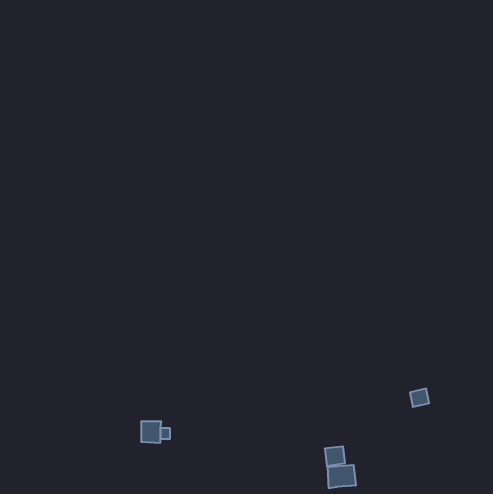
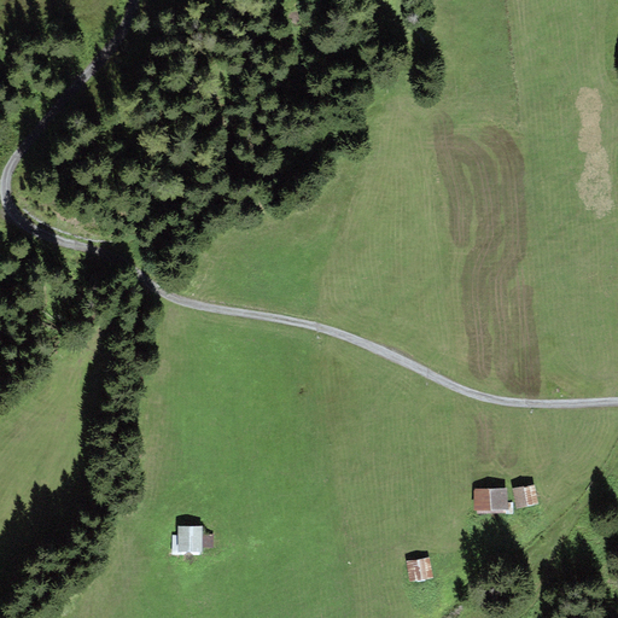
building: none -> [473,488,507,511]
building: [328,465,356,488] -> none

